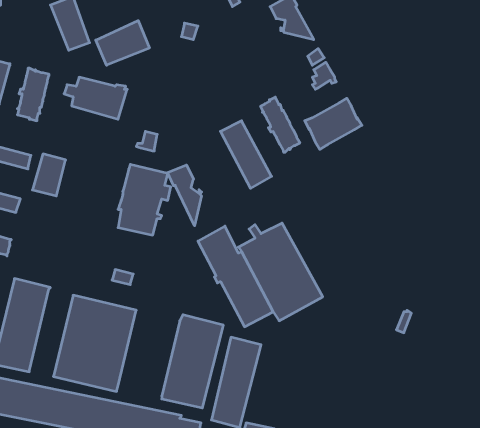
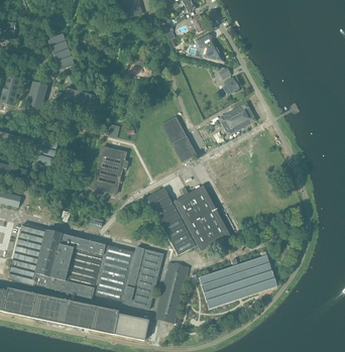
building: [96,21,149,65] -> none
building: [261,97,300,152] -> none
building: [167,165,202,226] -> none
building: none -> [33,229,63,287]
building: none -> [93,243,134,301]
building: none -> [199,250,276,308]

